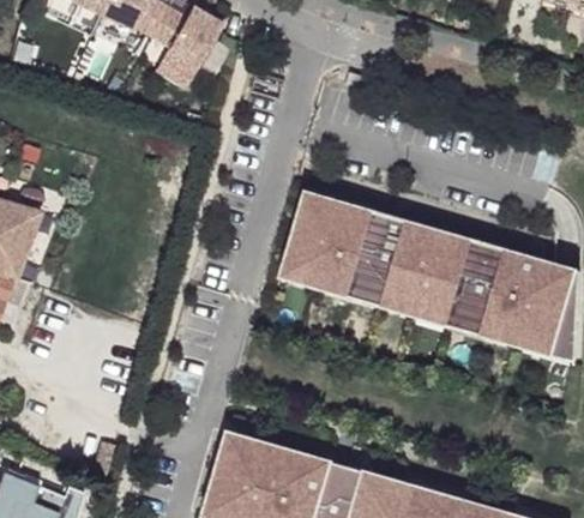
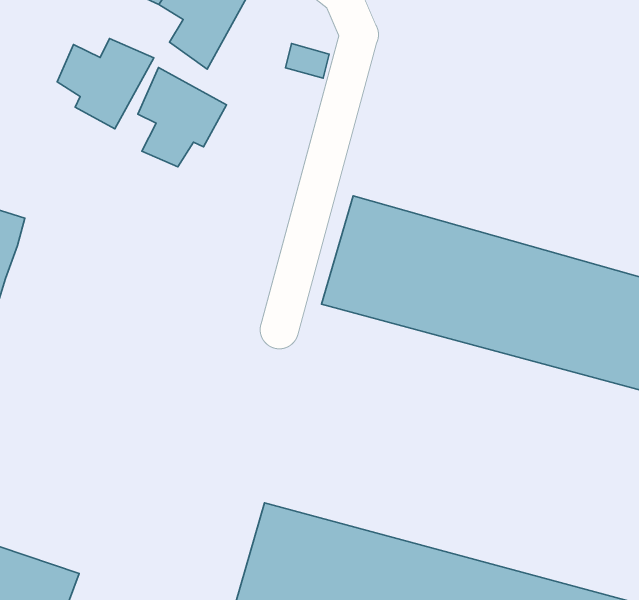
building: none -> [57,38,154,129]
building: none -> [138,67,226,167]

